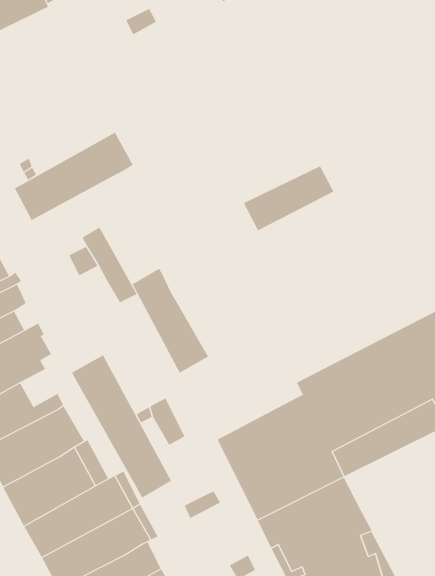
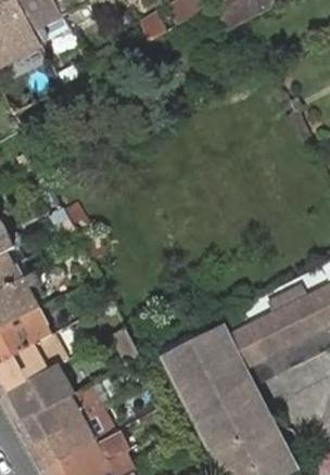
building: [14,132,134,221] -> none
building: [243,166,334,231] -> none
building: [132,268,209,373] -> none
building: [71,354,172,499] -> none

